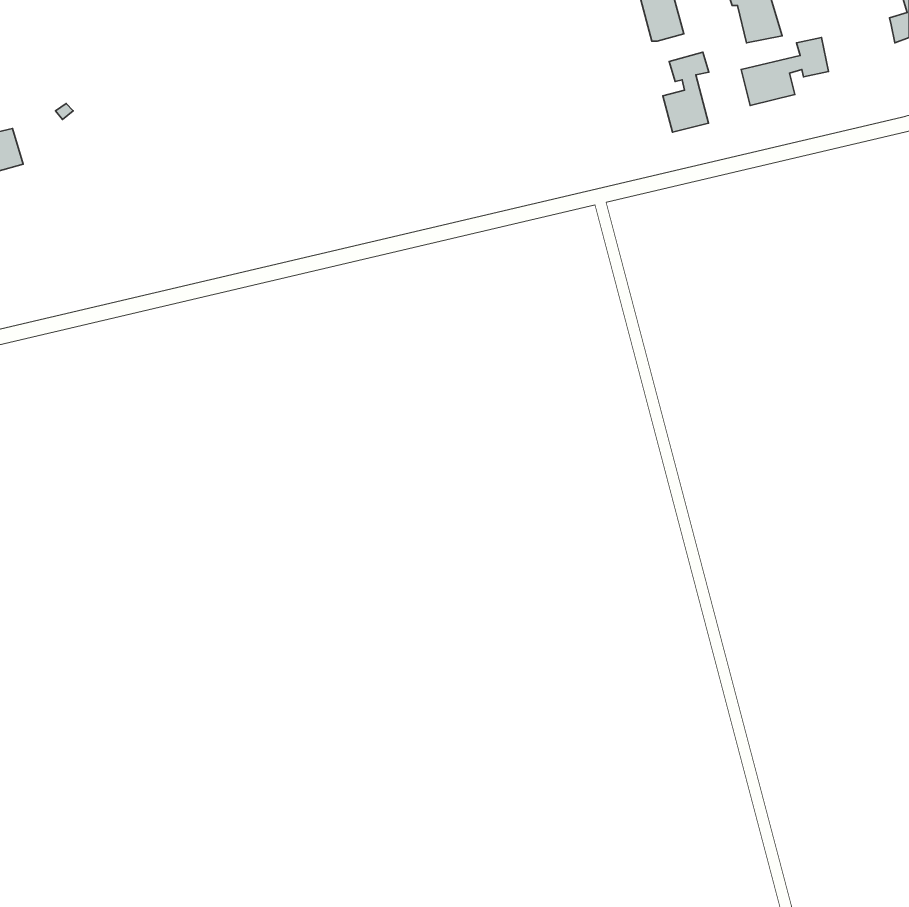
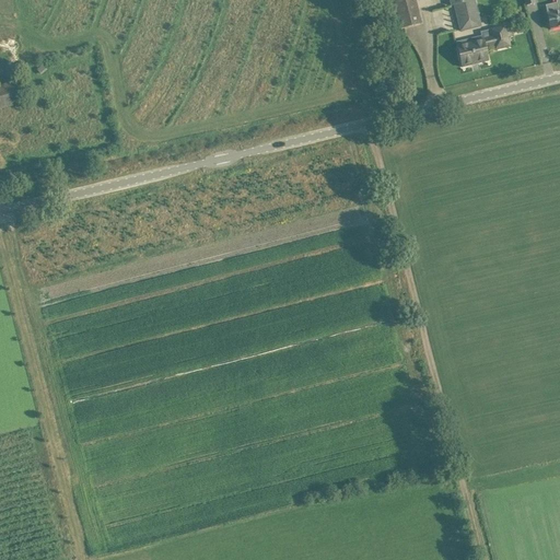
building: [663,52,709,132] -> none

